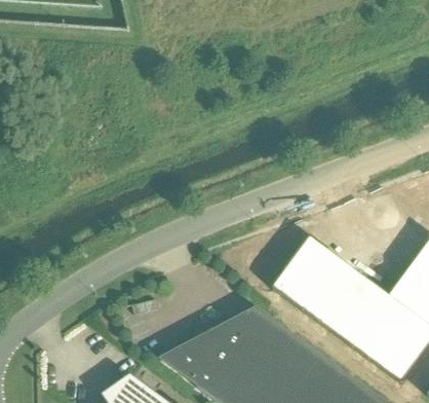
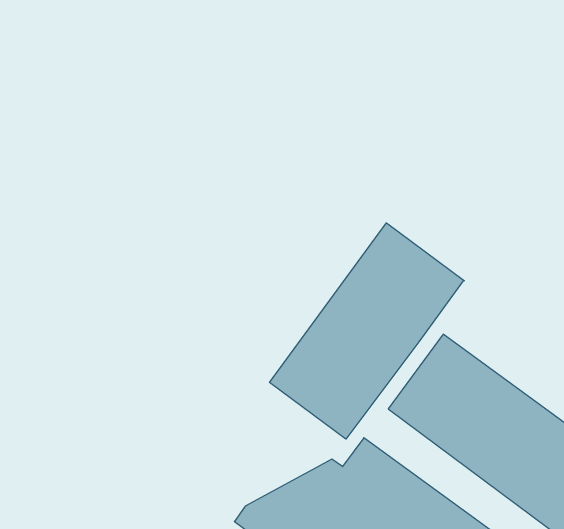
building: none -> [270,223,464,439]

